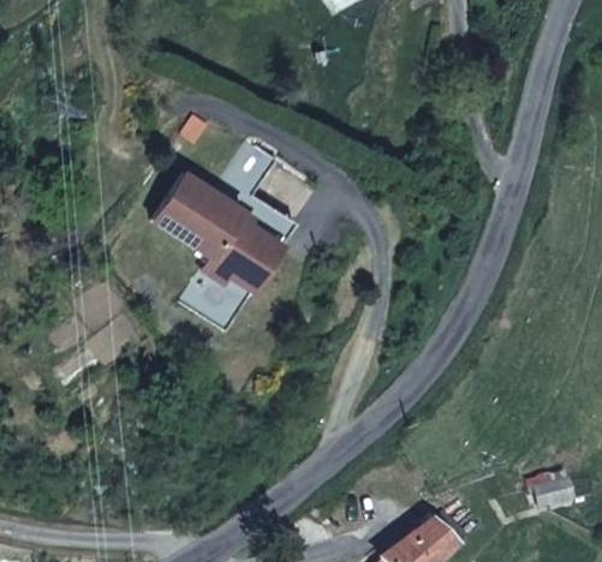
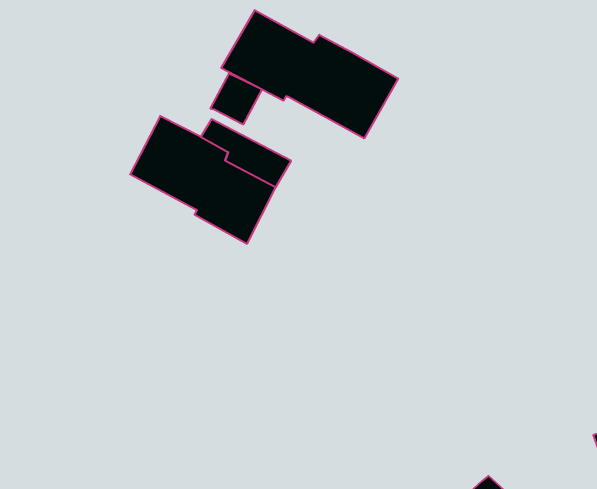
building: none -> [221,10,398,138]
building: [177,256,249,330] -> none

